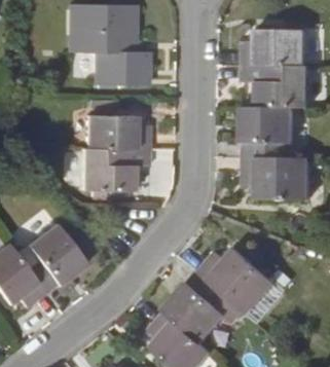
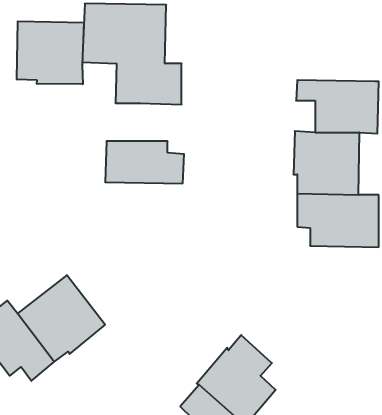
building: none -> [17,21,84,84]
building: [242,29,304,66] -> none
building: [82,147,149,189] -> none
building: [196,248,273,314] -> none

